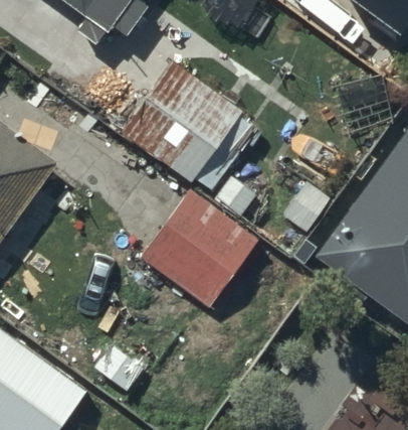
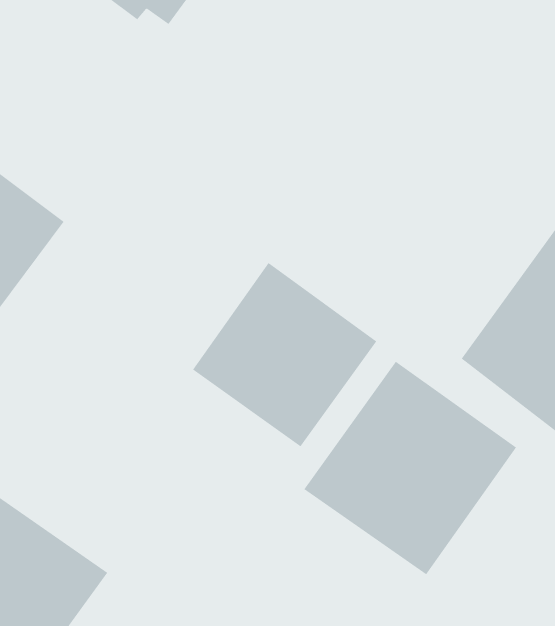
building: [120,58,261,193] -> none
building: none -> [303,361,517,575]

